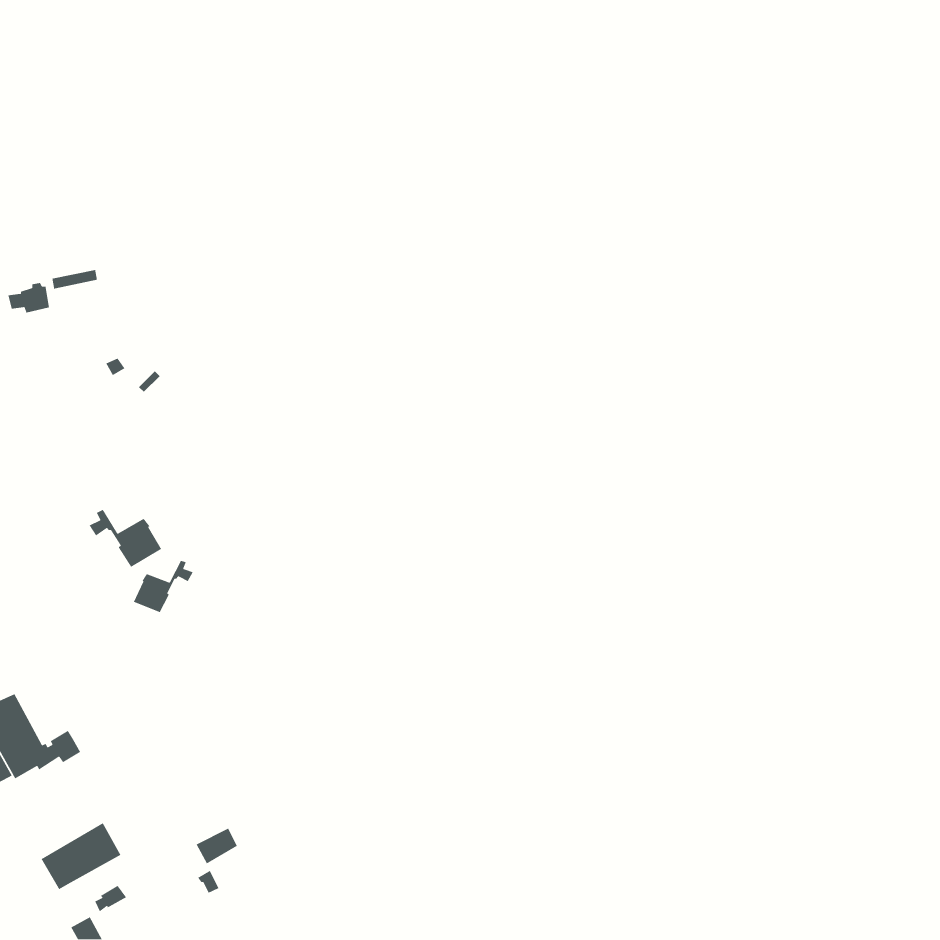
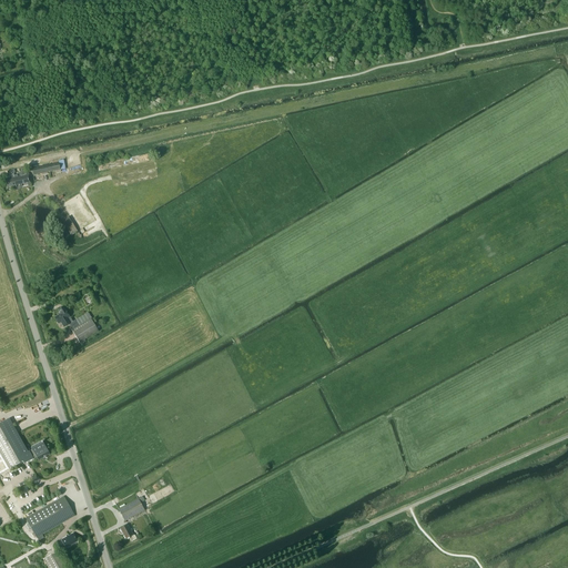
building: [133,560,194,613] -> none

